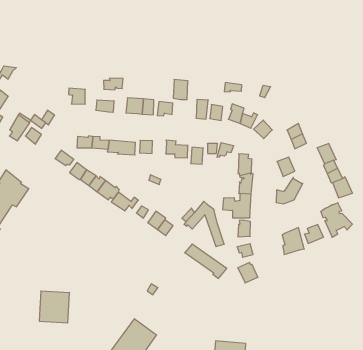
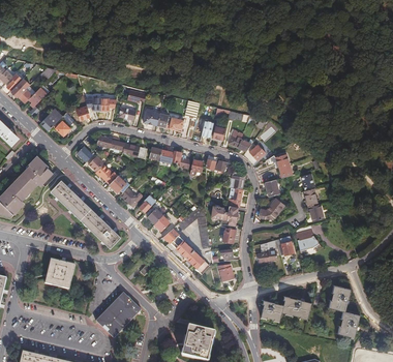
building: none -> [52,181,121,248]
building: none -> [262,298,311,322]

